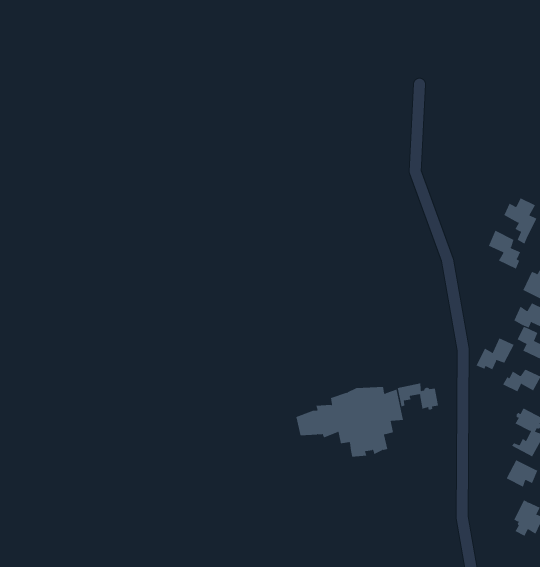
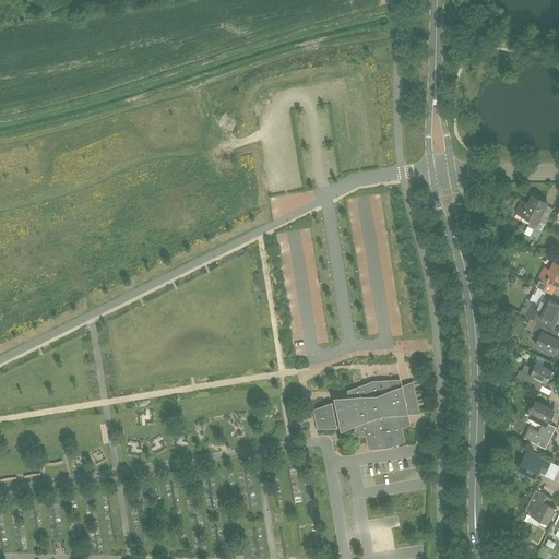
building: [488,230,521,269] -> none
building: [476,338,515,370] -> none
building: [397,382,440,410] -> none

